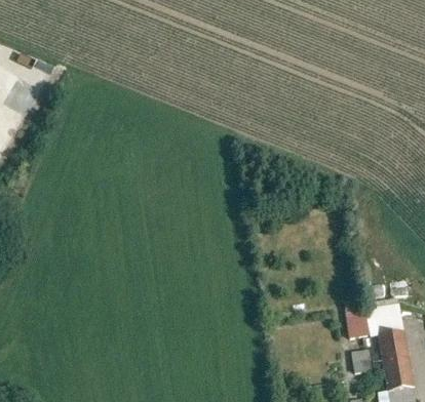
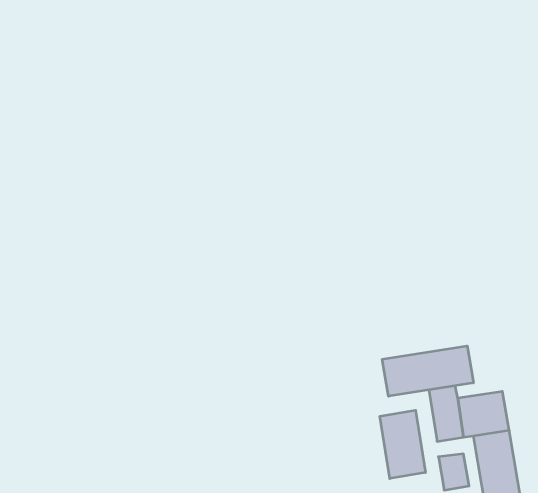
building: none -> [382,346,473,396]
building: none -> [380,410,425,479]

